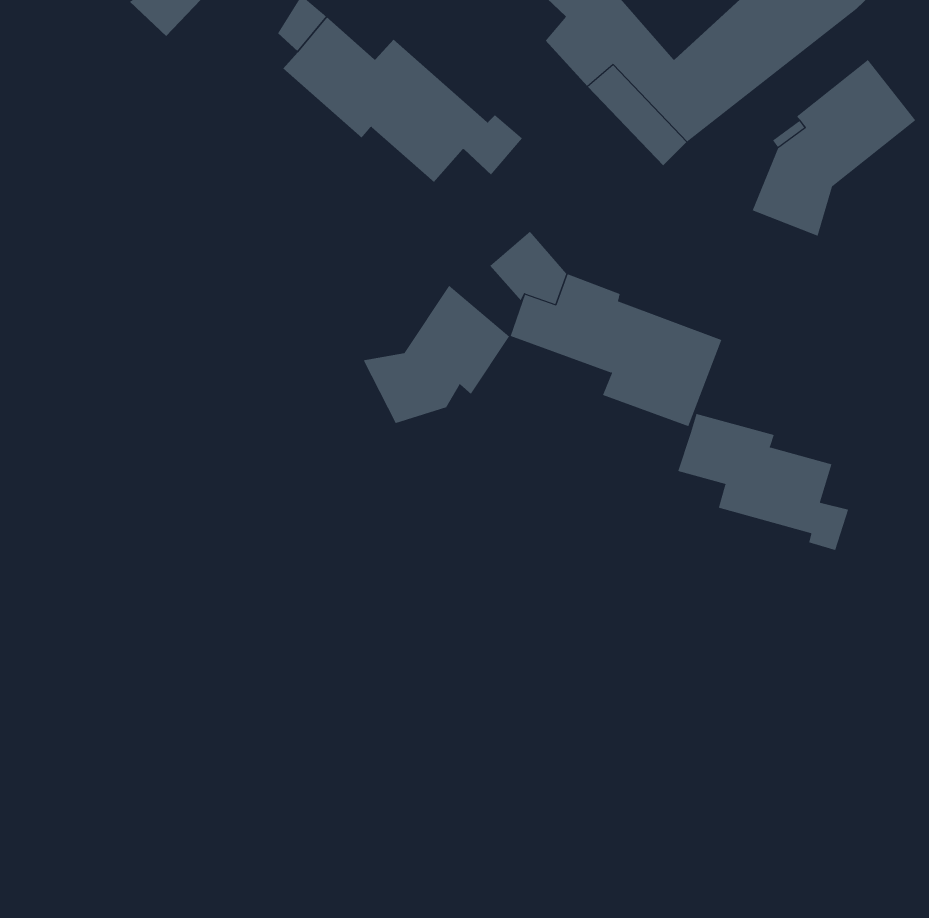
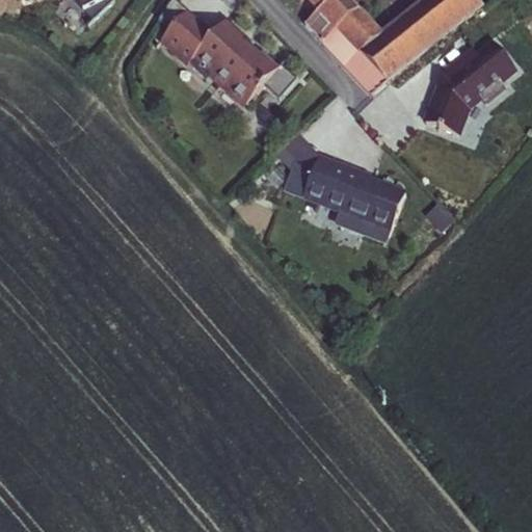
building: [363,285,510,424] -> none
building: [678,413,849,551] -> none

